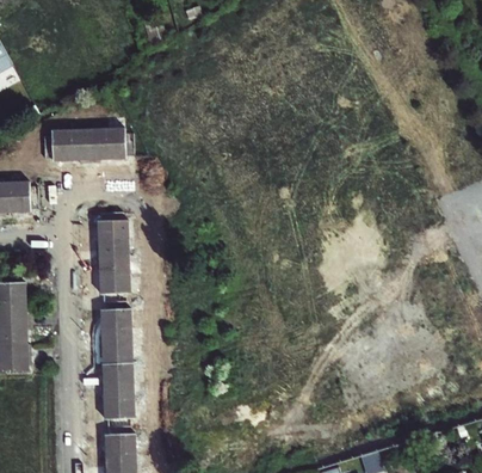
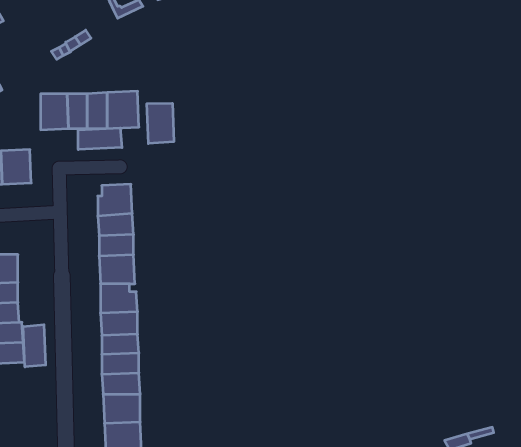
building: none -> [147,103,174,144]
building: none -> [78,128,122,150]
building: none -> [23,325,46,367]

